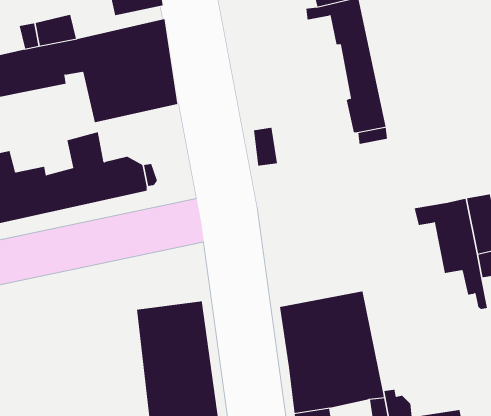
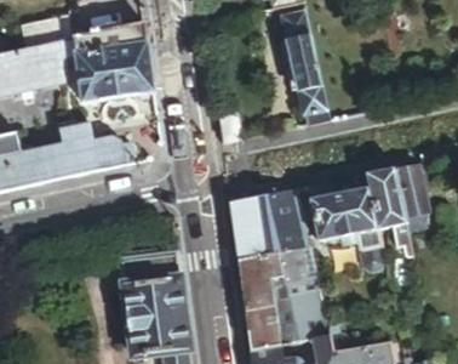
building: none -> [304,178,380,254]
building: none -> [231,190,309,261]

